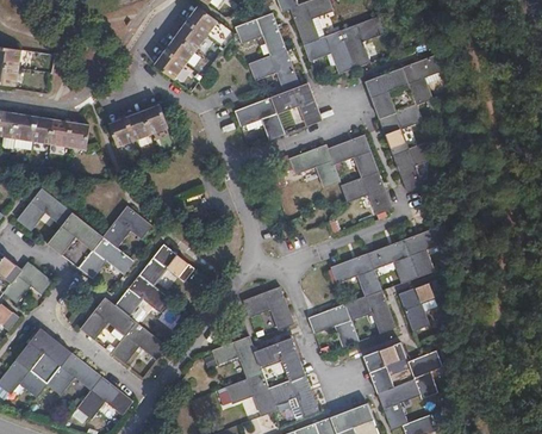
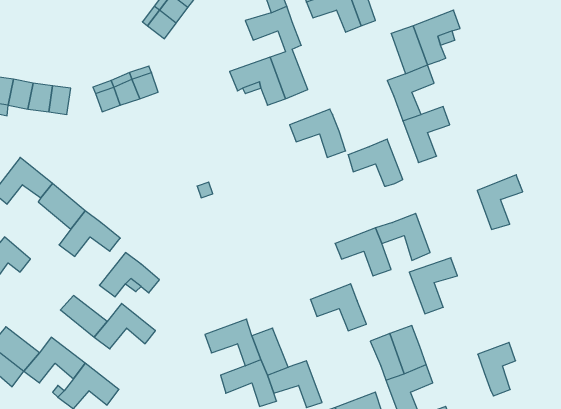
building: [365,74,394,117] -> none
building: [291,82,322,125] -> none
building: [328,134,378,178] -> none
building: [101,205,151,247] -> none
building: [404,224,446,274] -> [477,175,523,229]
building: [46,228,88,267] -> none
building: [138,243,194,285] -> none
building: [242,285,293,328] -> none
building: [344,290,394,333] -> none
building: [91,297,135,337] -> none
building: [29,328,70,366] -> none
building: [273,336,304,379] -> none
building: [407,349,442,398] -> [478,342,516,396]

